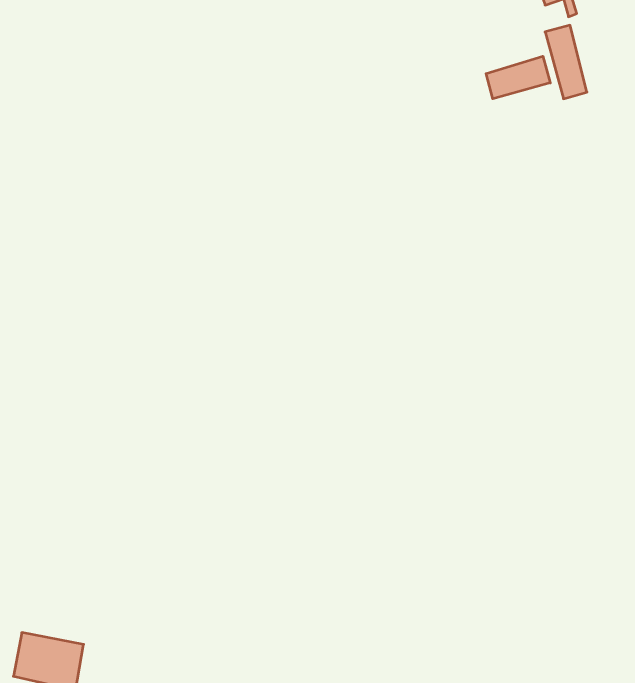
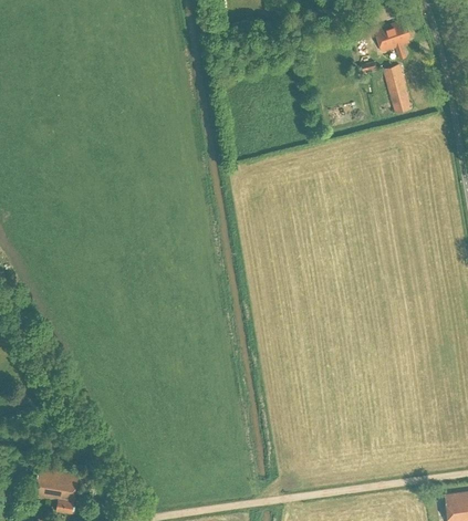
building: [486,56,550,99] -> none

